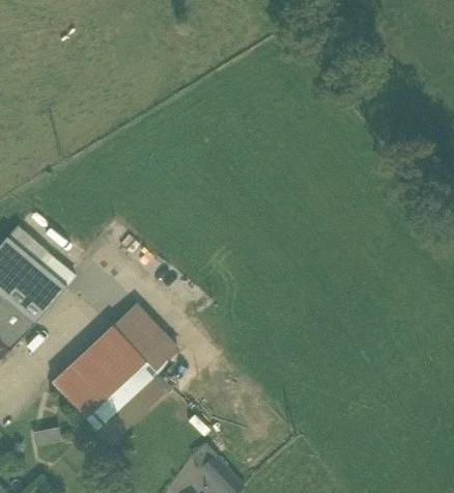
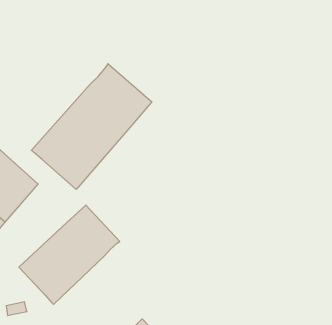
building: none -> [31,64,152,189]

